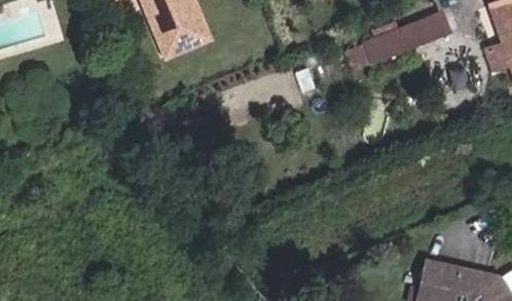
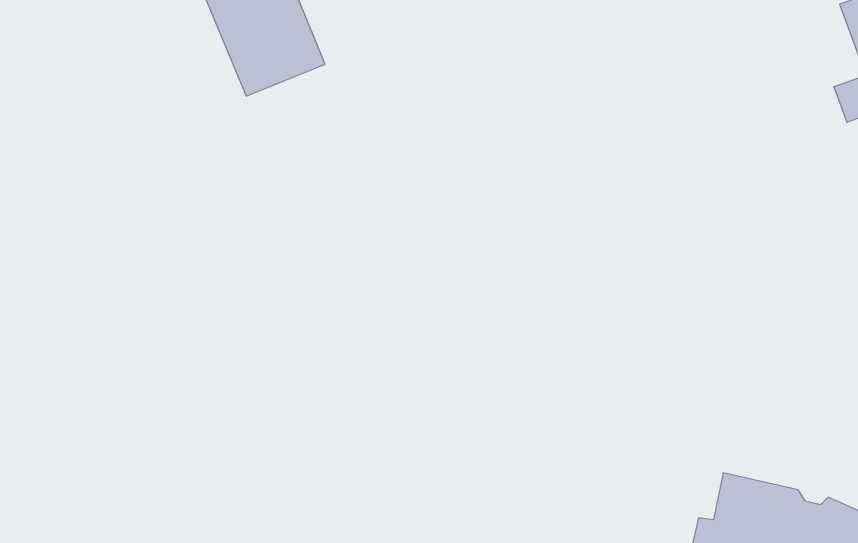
building: [342,8,449,69] -> none

